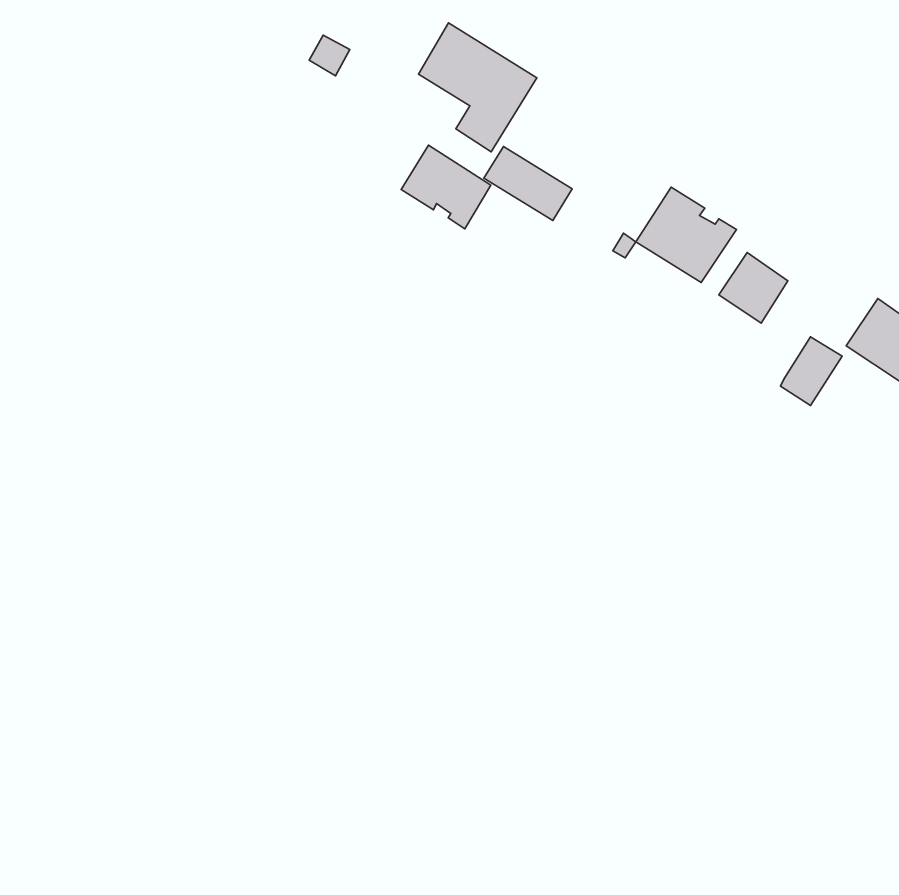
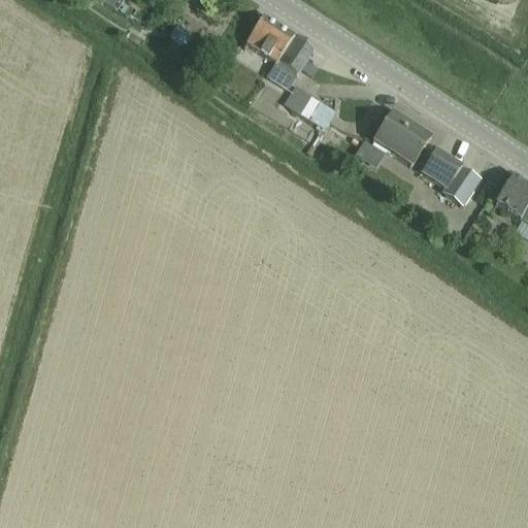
building: [401,145,491,229] -> none
building: [780,337,842,406] -> [444,164,481,204]

